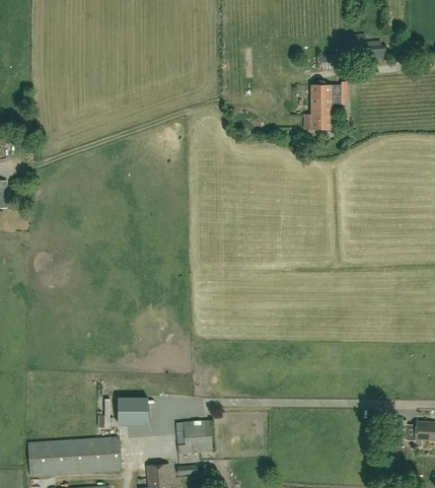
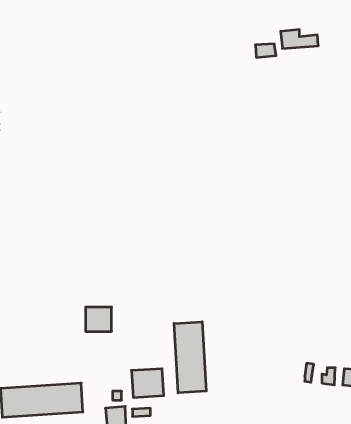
building: [307,82,347,129] -> none
building: none -> [174,322,206,393]
building: [118,398,147,425] -> [86,307,112,331]

